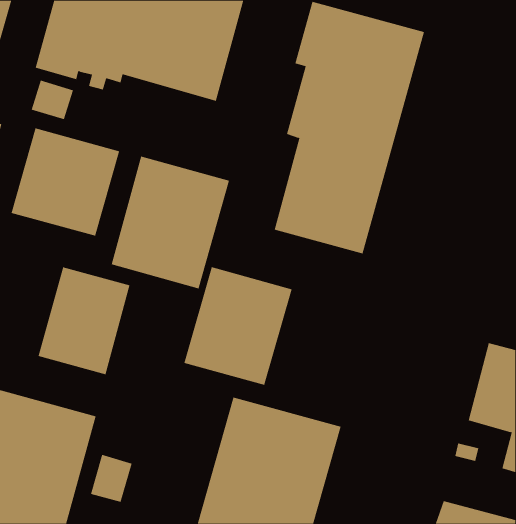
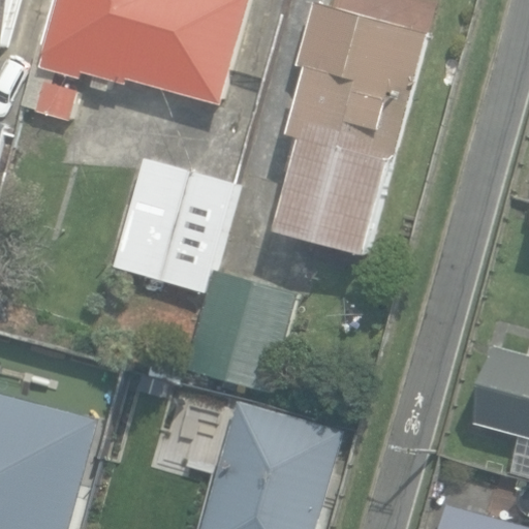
building: [11,128,120,237] -> none
building: [38,266,130,375] -> none

